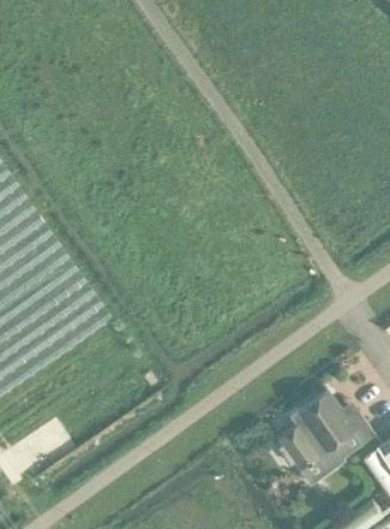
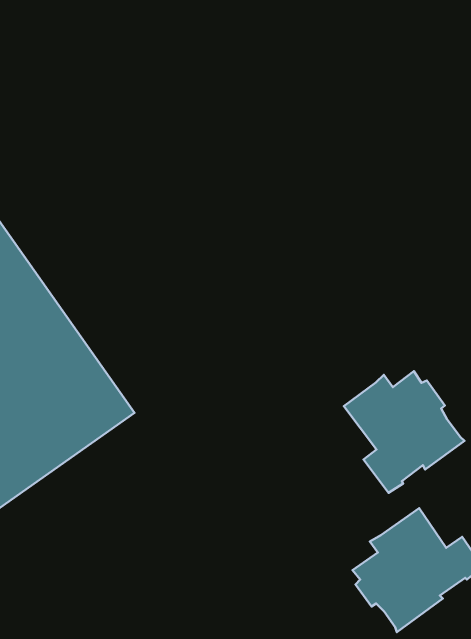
building: none -> [344,371,465,493]

